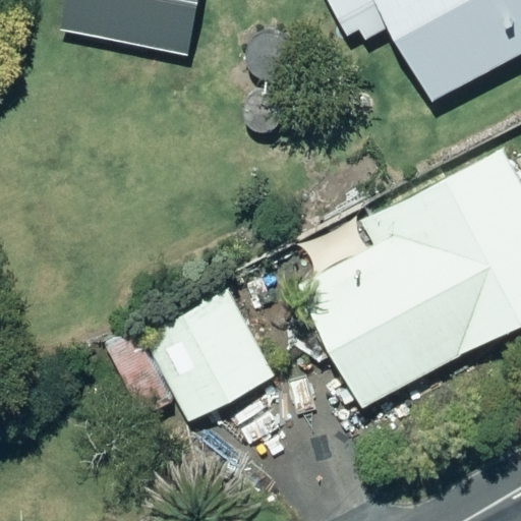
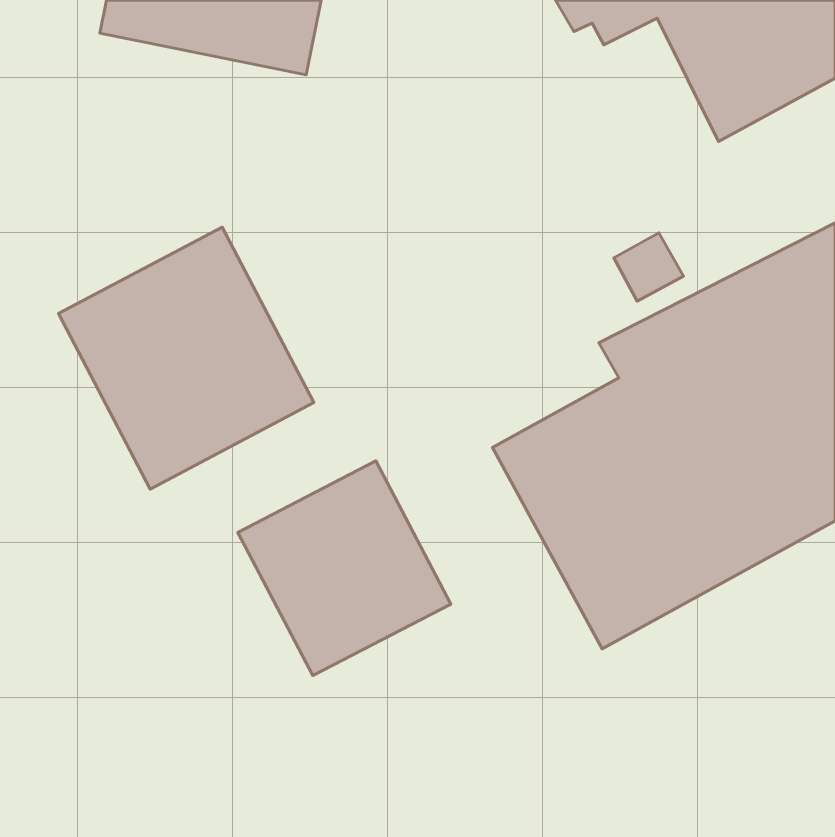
building: none -> [58,227,314,489]

